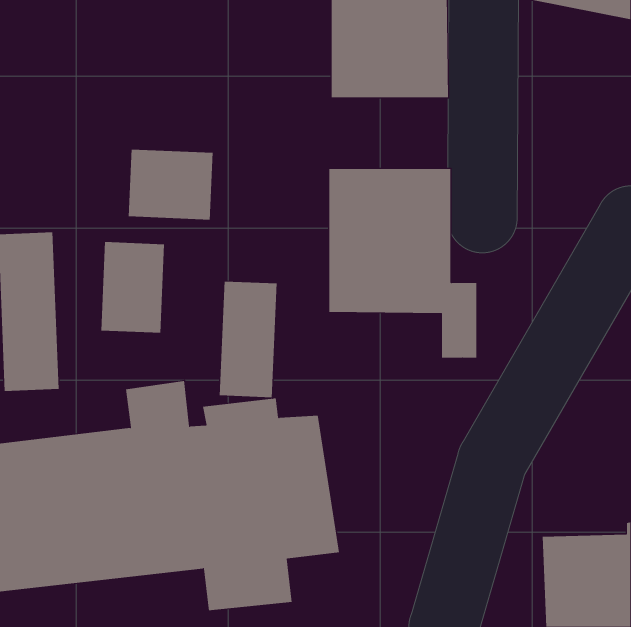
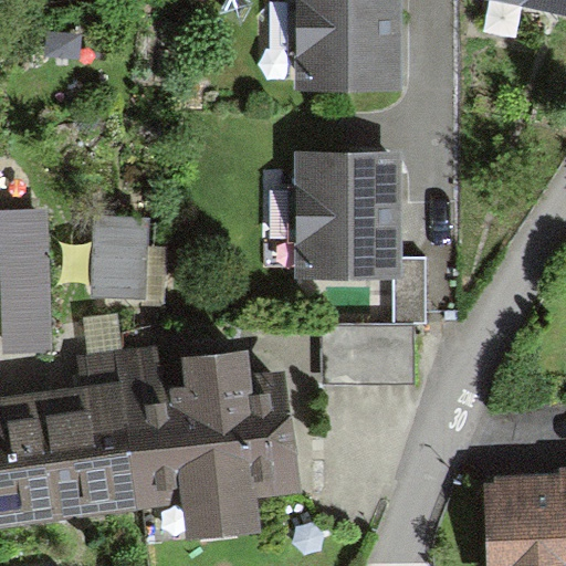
building: [128,149,213,220] -> none
building: [219,281,277,398] -> none
building: none -> [319,319,413,384]

